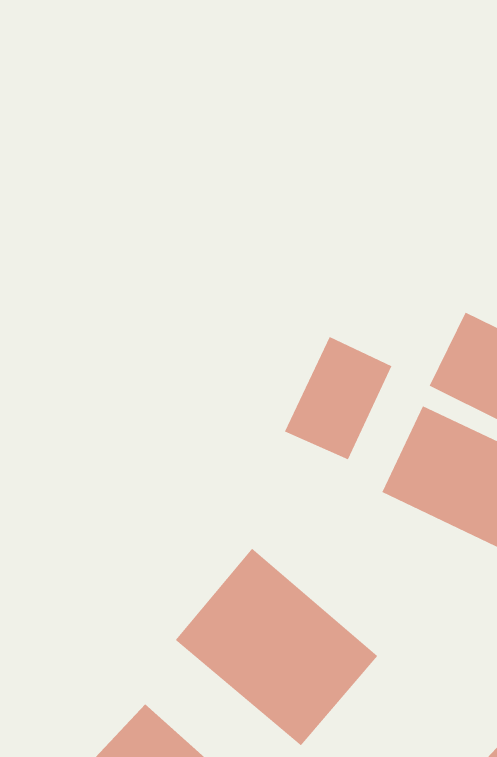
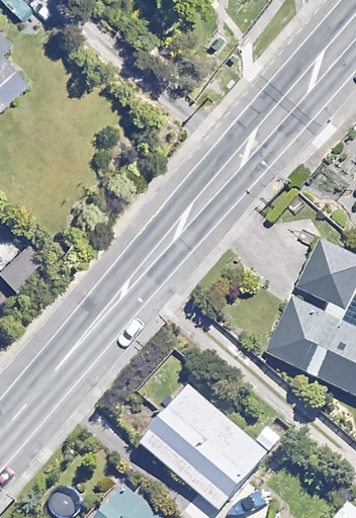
building: [284,336,392,460] -> none

